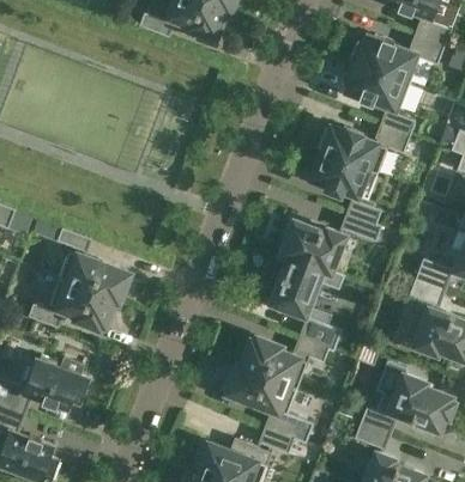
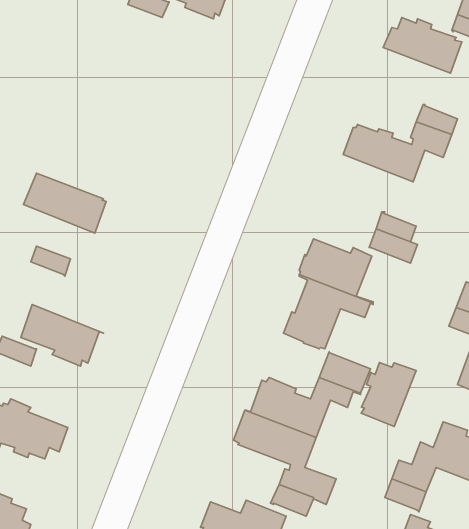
building: [348,61,410,108] -> none
building: [310,151,379,199] -> none
building: [59,250,128,300] -> [24,173,106,233]
building: none -> [361,362,416,427]

